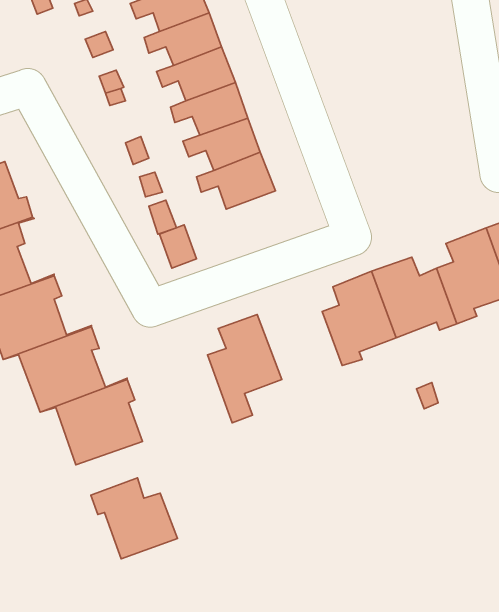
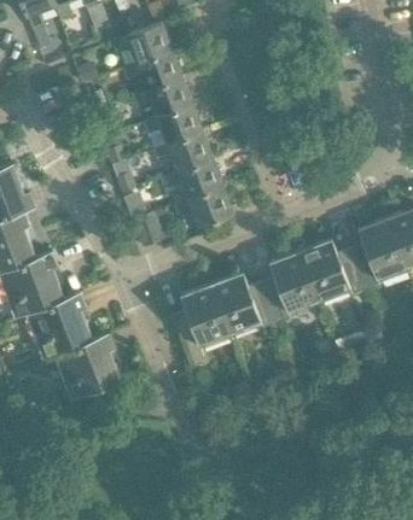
building: none -> [175,187,235,228]
building: none -> [211,271,278,334]
building: [91,478,178,559] -> none

